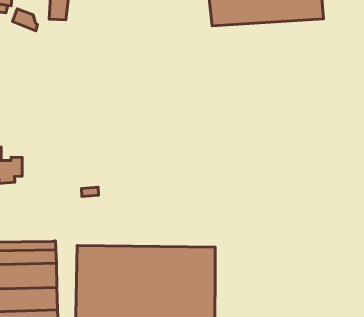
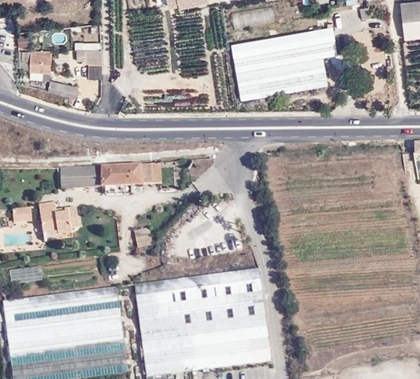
building: none -> [235,53,340,99]
building: none -> [60,164,162,195]

